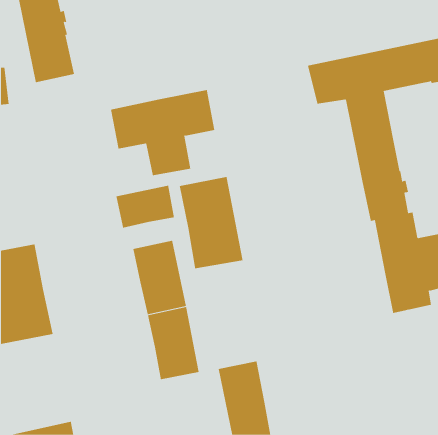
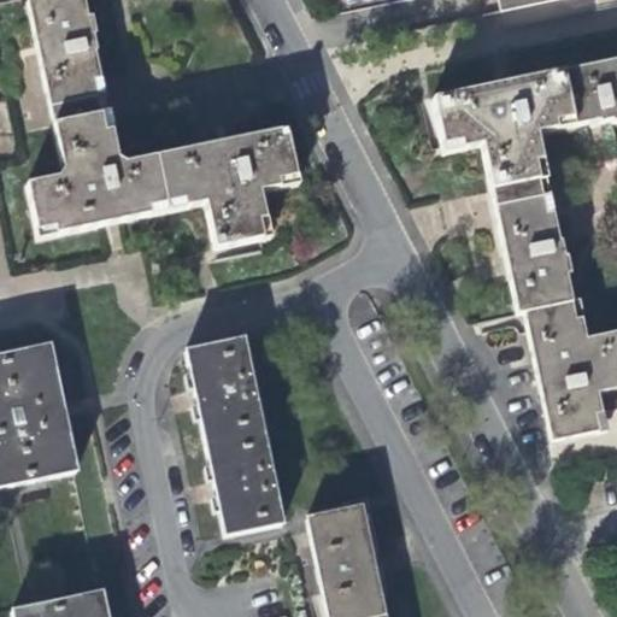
building: none -> [31,104,168,234]
building: [179,176,243,269] -> none
building: [116,185,175,228] -> none

